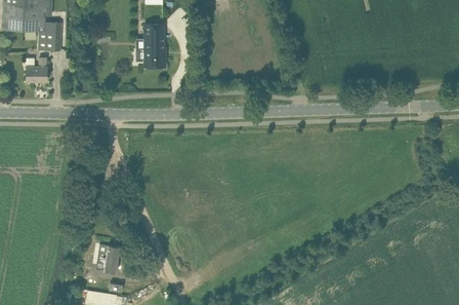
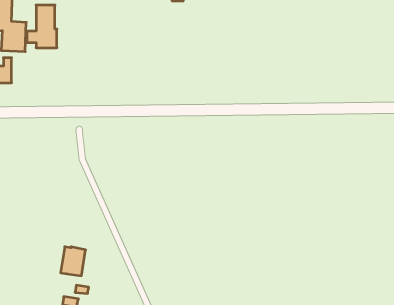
building: [136,25,166,67] -> [27,5,57,48]

